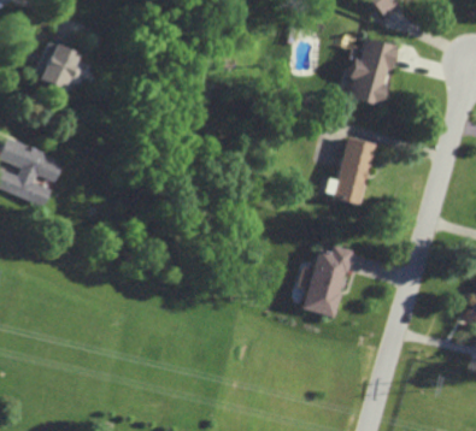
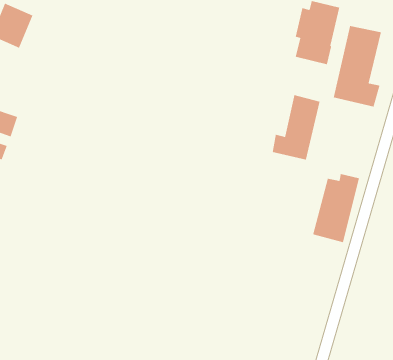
building: none -> [333,25,382,107]
building: [304,244,353,317] -> [312,173,360,243]

